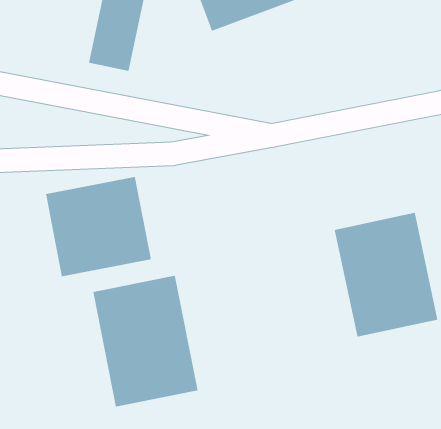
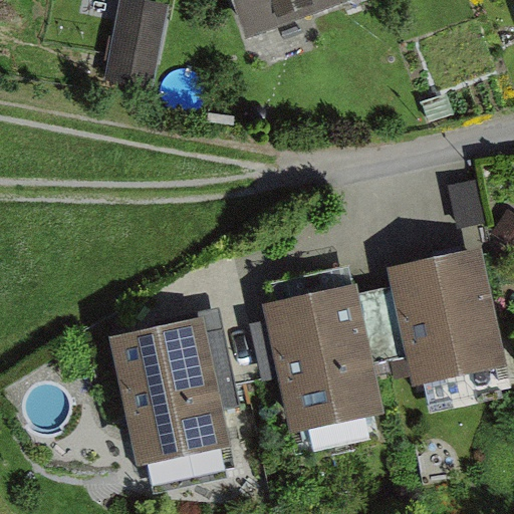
building: [45,176,151,277] -> none
building: none -> [262,283,382,436]

